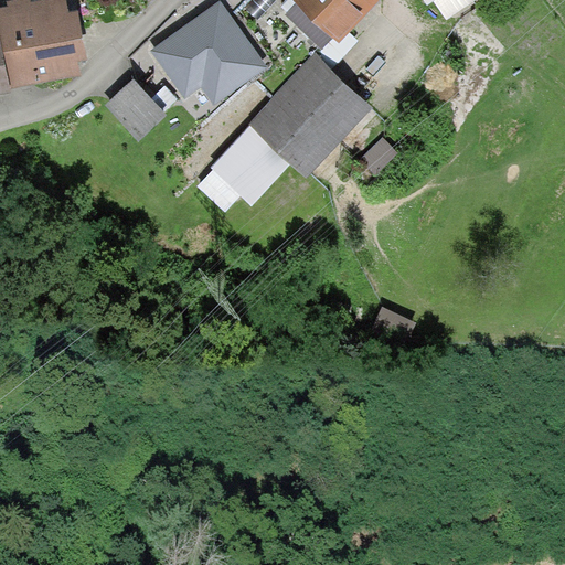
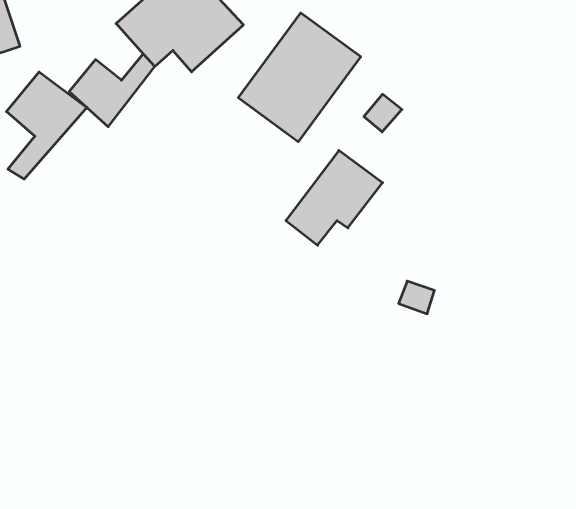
building: none -> [6,72,87,179]
building: [200,128,289,210] -> [286,150,383,245]

